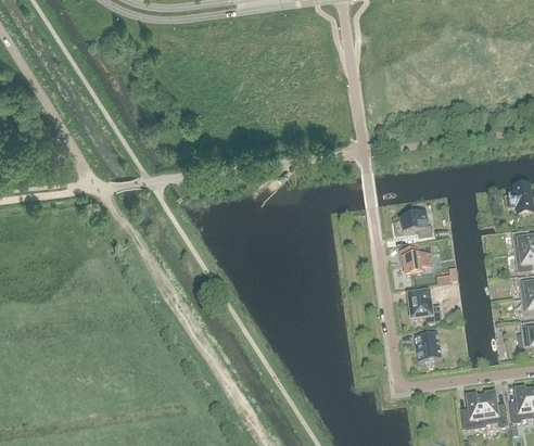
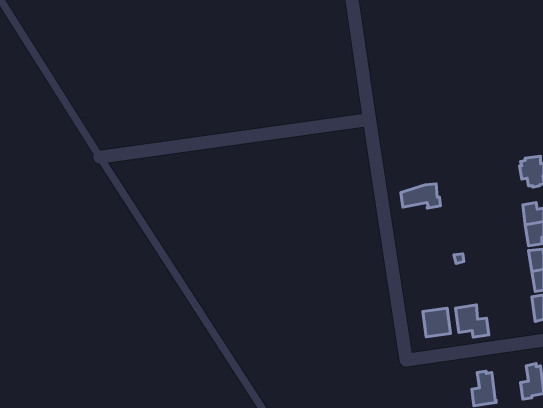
building: [401,247,432,275] -> none
building: [409,291,442,322] -> [455,305,489,337]
building: [482,392,508,426] -> none

